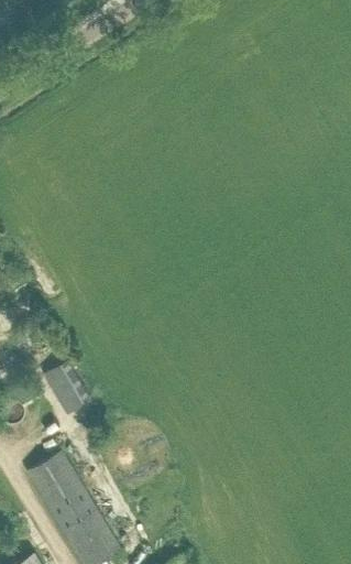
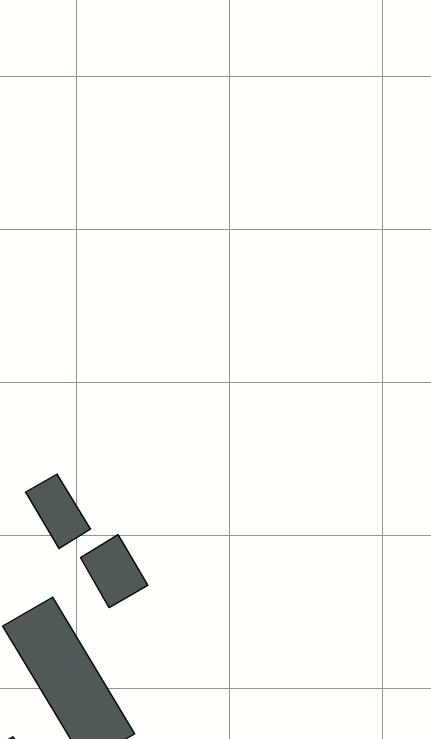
building: none -> [81,535,148,608]

